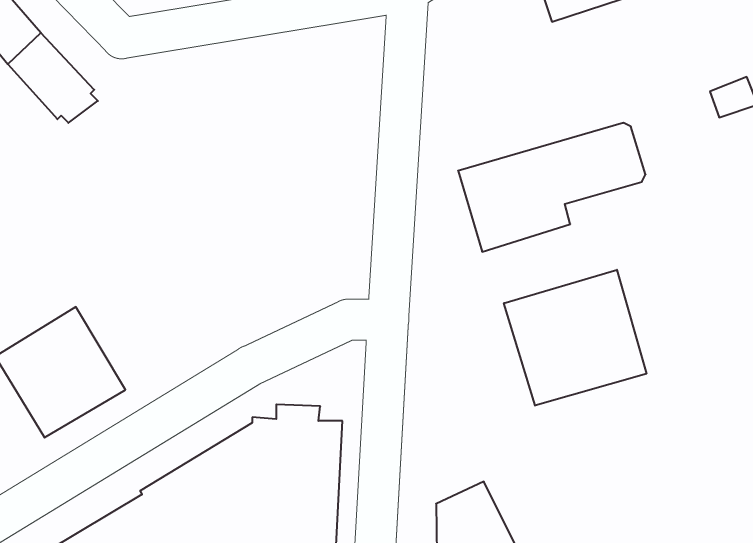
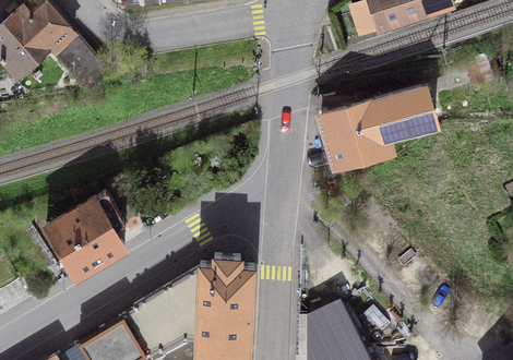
building: [504,270,646,406] -> none

